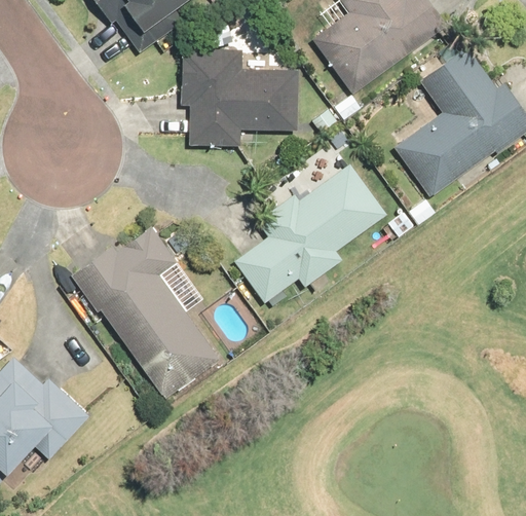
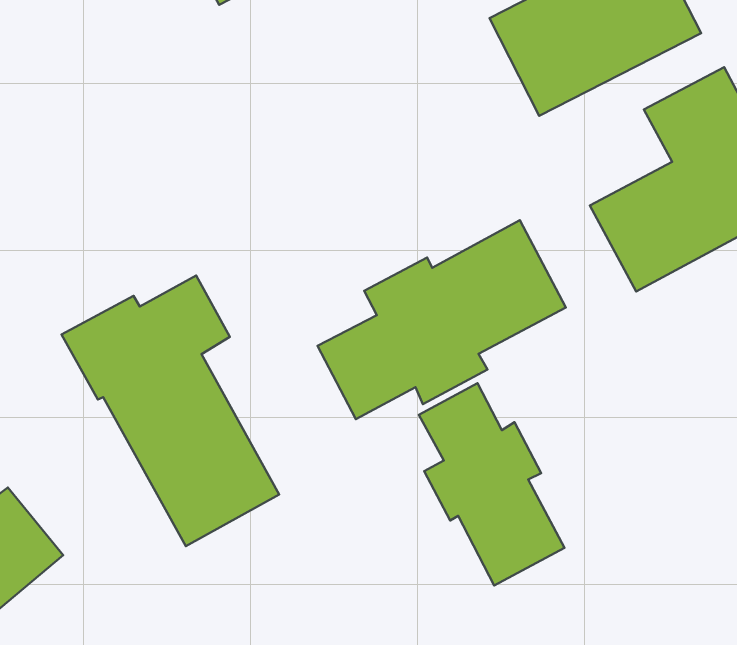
building: [181,48,298,147] -> none
building: none -> [419,383,564,585]

